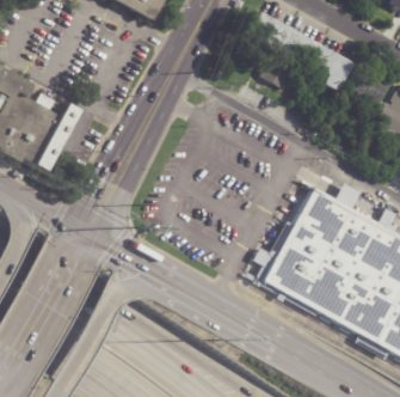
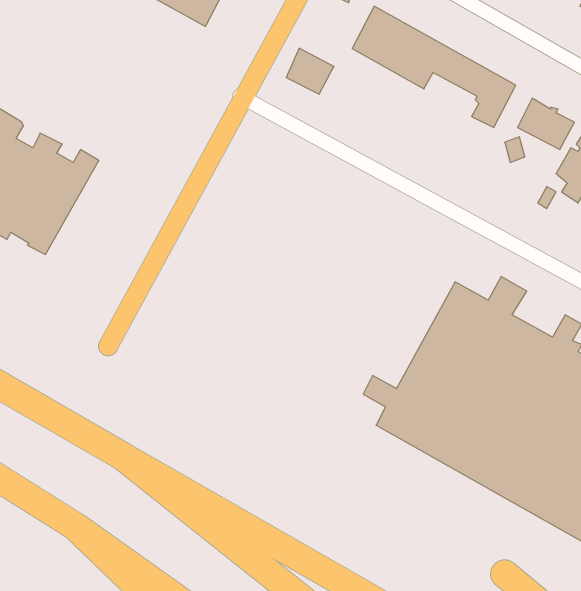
building: [260,55,291,85] -> [286,48,334,94]

